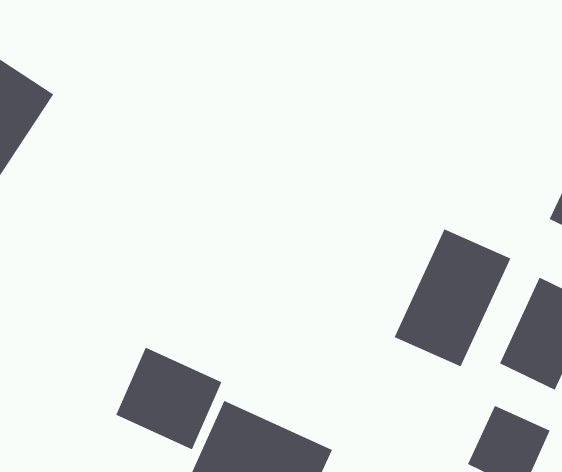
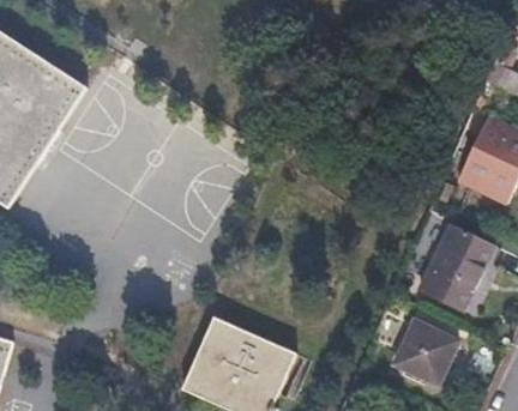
building: [394,229,511,367] -> none
building: [115,347,222,450] -> none

